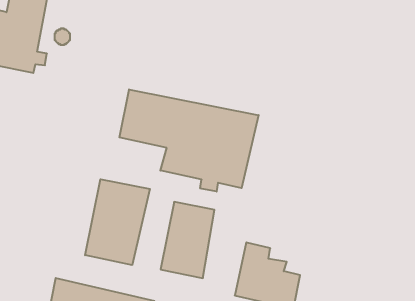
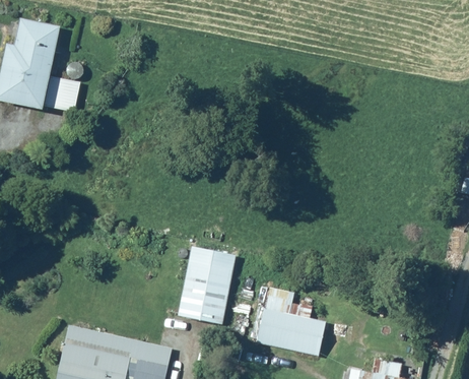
building: [119,89,259,192] -> none
building: [85,179,150,265] -> none

